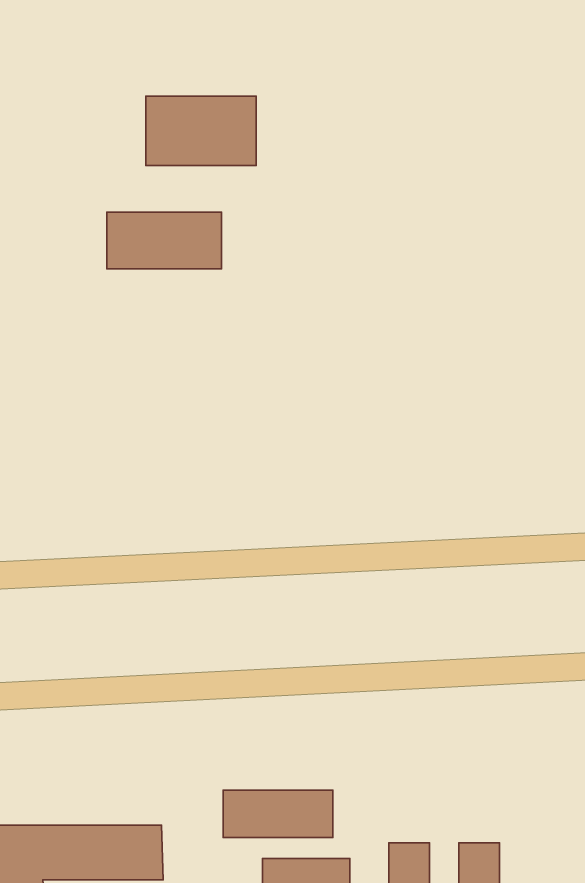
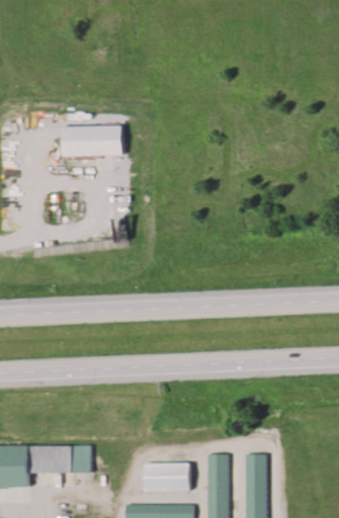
building: [146,96,256,165] -> none
building: [223,790,333,837] -> none

